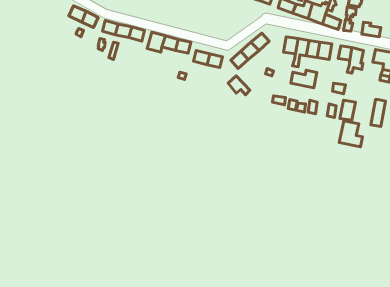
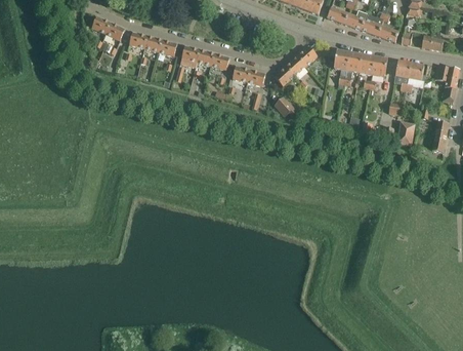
building: [291,70,317,88] -> none
building: [339,121,363,147] -> none

